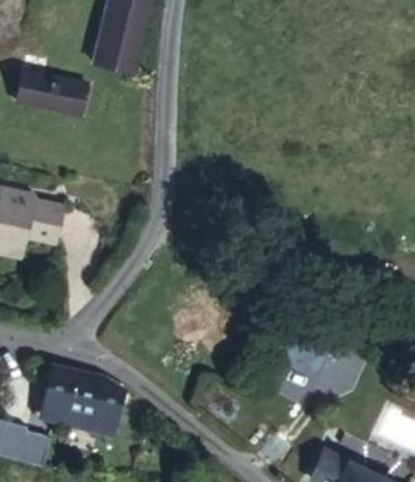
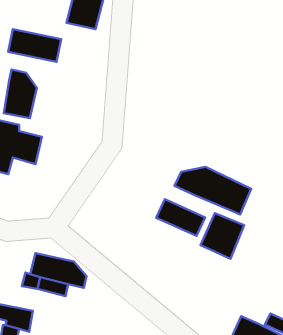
building: none -> [4,70,37,118]
building: none -> [174,167,251,214]
building: none -> [156,199,205,236]

